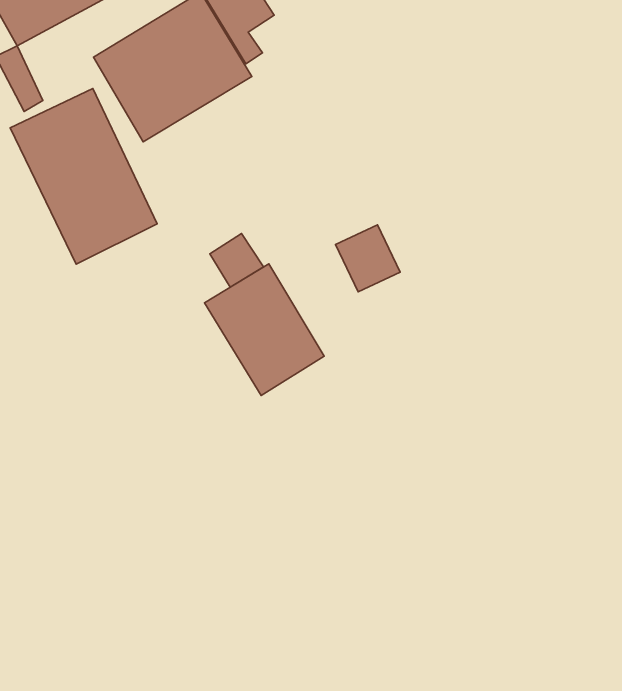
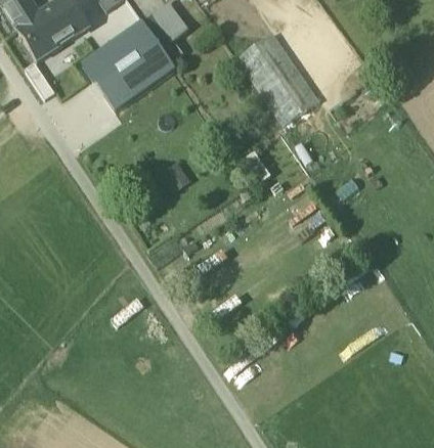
building: none -> [234,31,313,117]
building: [10,88,157,264] -> none
building: [204,264,324,396] -> none

